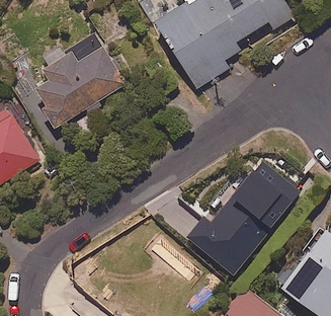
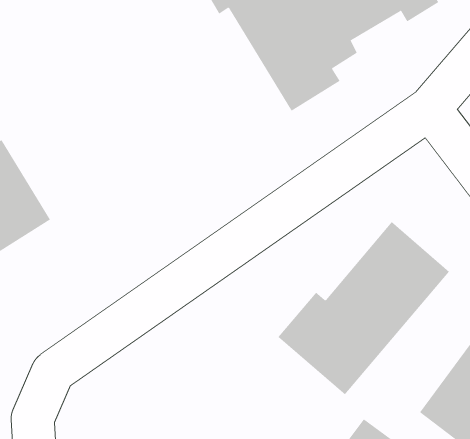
building: [34,45,128,132] -> none

